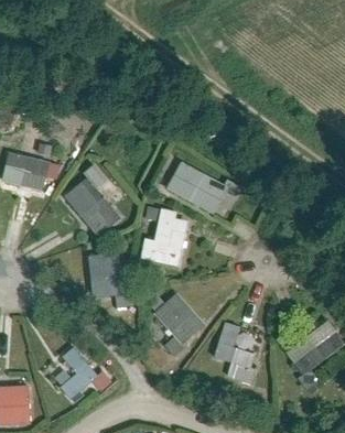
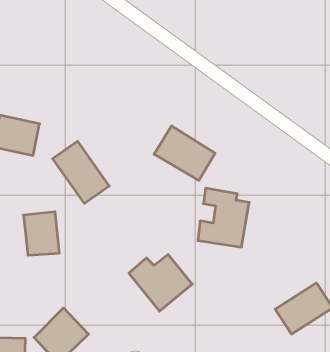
building: [138,205,190,264] -> [198,188,249,247]
building: [85,250,121,294] -> [23,212,59,255]
building: [214,324,259,369] -> none

